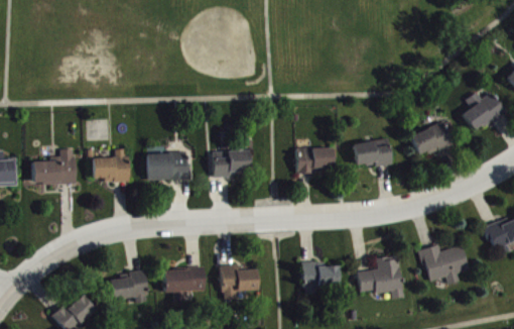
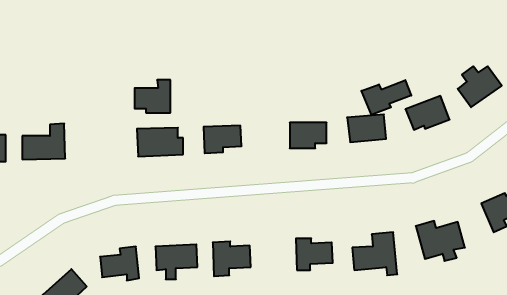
building: none -> [361,80,411,115]
building: [93,149,128,182] -> [135,80,170,113]

